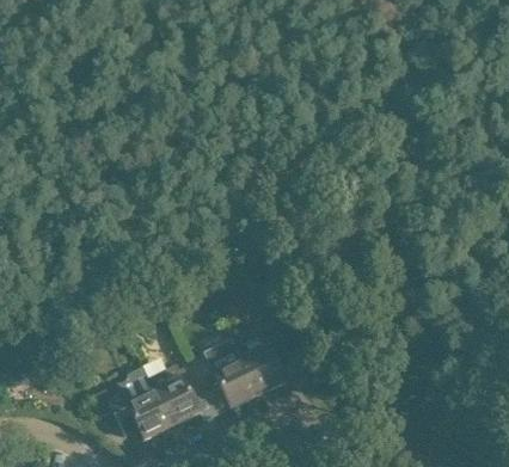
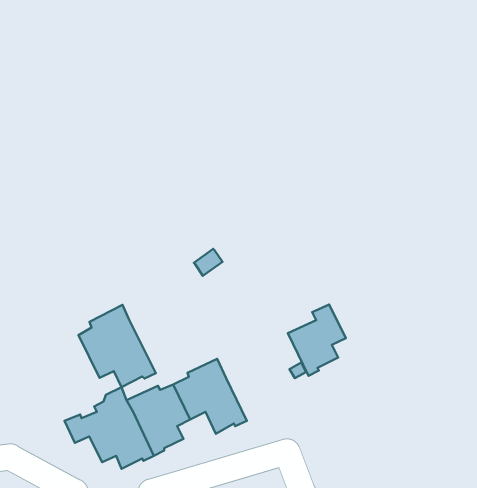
building: none -> [78,305,156,387]
building: [239,333,293,399] -> [288,305,346,376]

